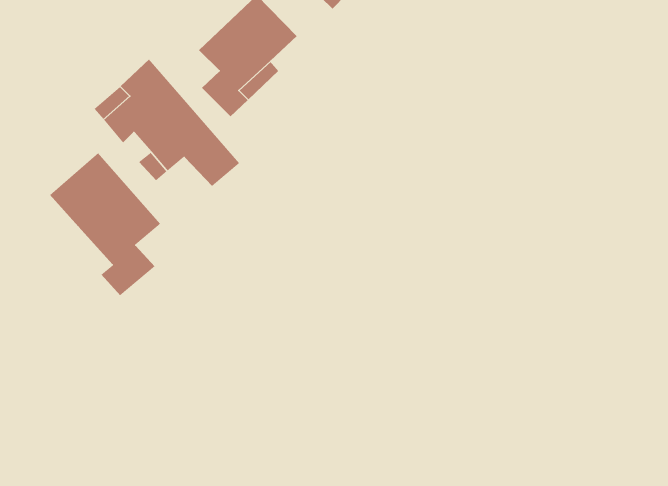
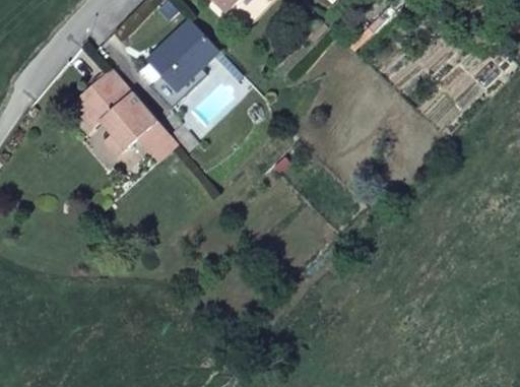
building: [49,152,161,296] -> none

